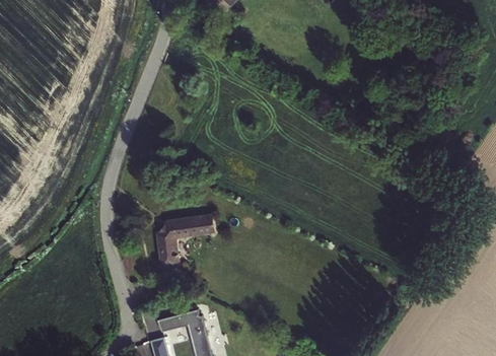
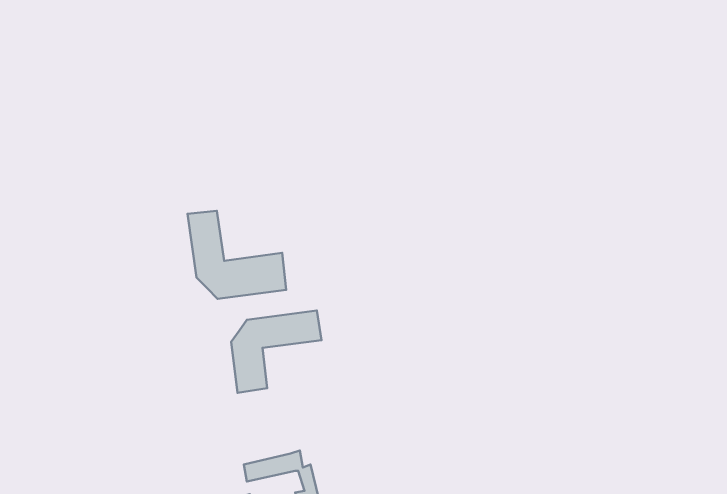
building: none -> [188,211,286,299]

